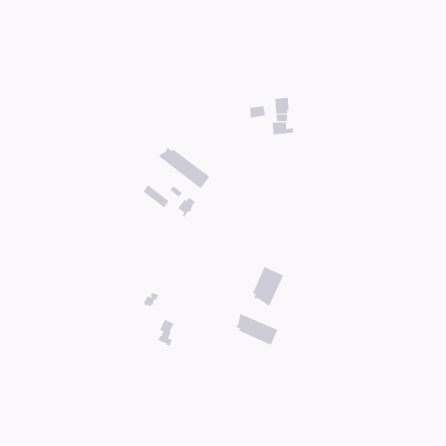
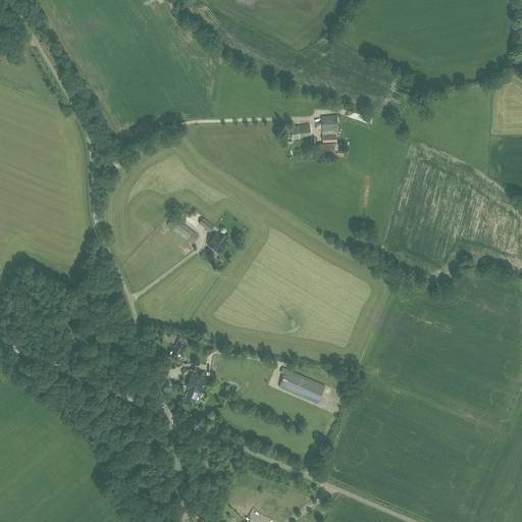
building: [157,146,210,189] -> none
building: [252,266,284,307] -> none

